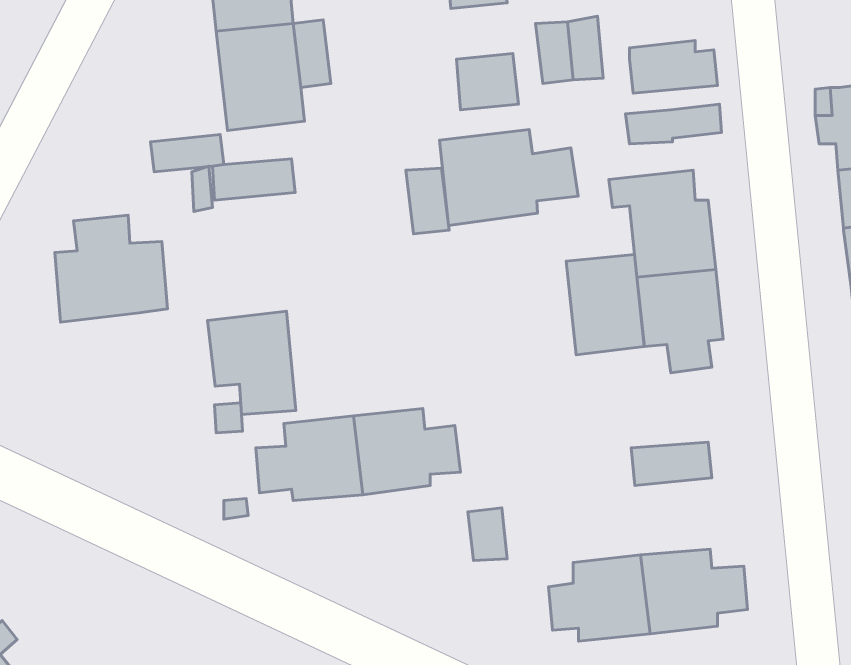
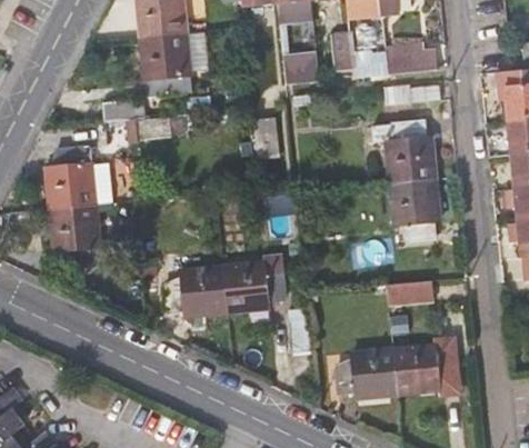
building: [440,130,578,226] -> none
building: [566,254,644,355] -> none
building: [208,311,296,414] -> [48,205,100,266]

